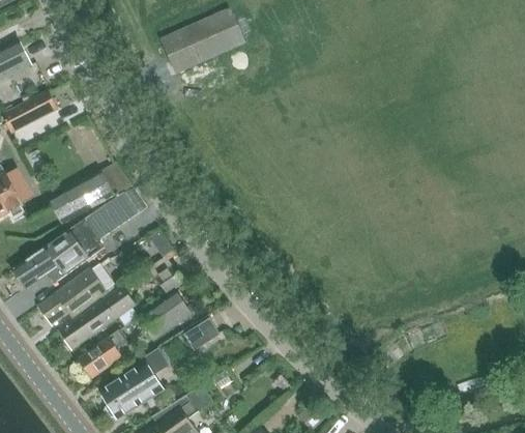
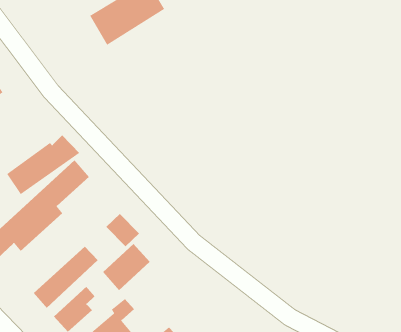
building: [39,264,115,322] -> none
building: [184,318,220,349] -> none

